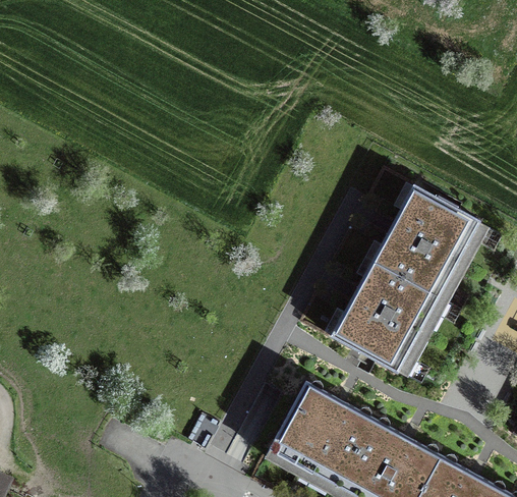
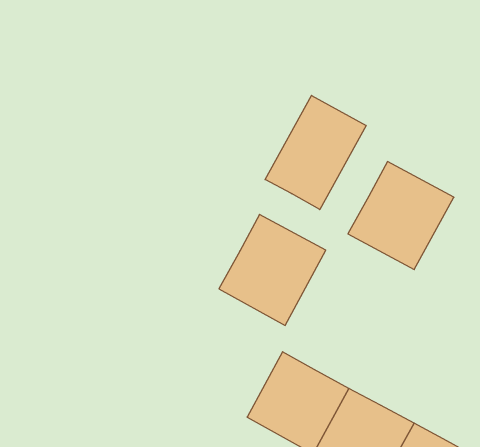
building: none -> [265,95,366,210]
building: [334,263,444,377] -> [219,214,326,325]

